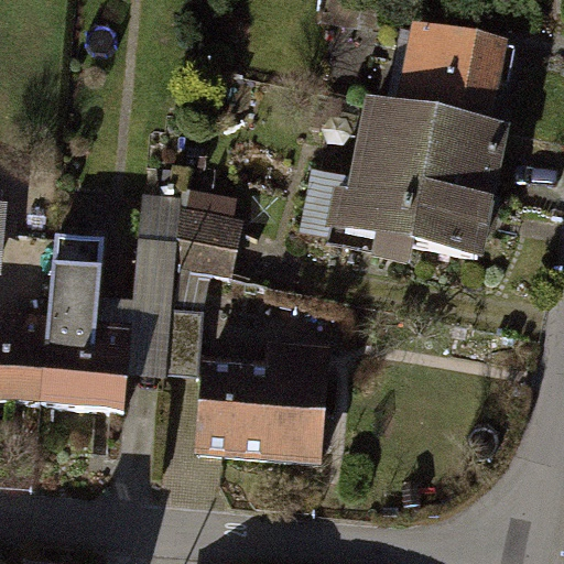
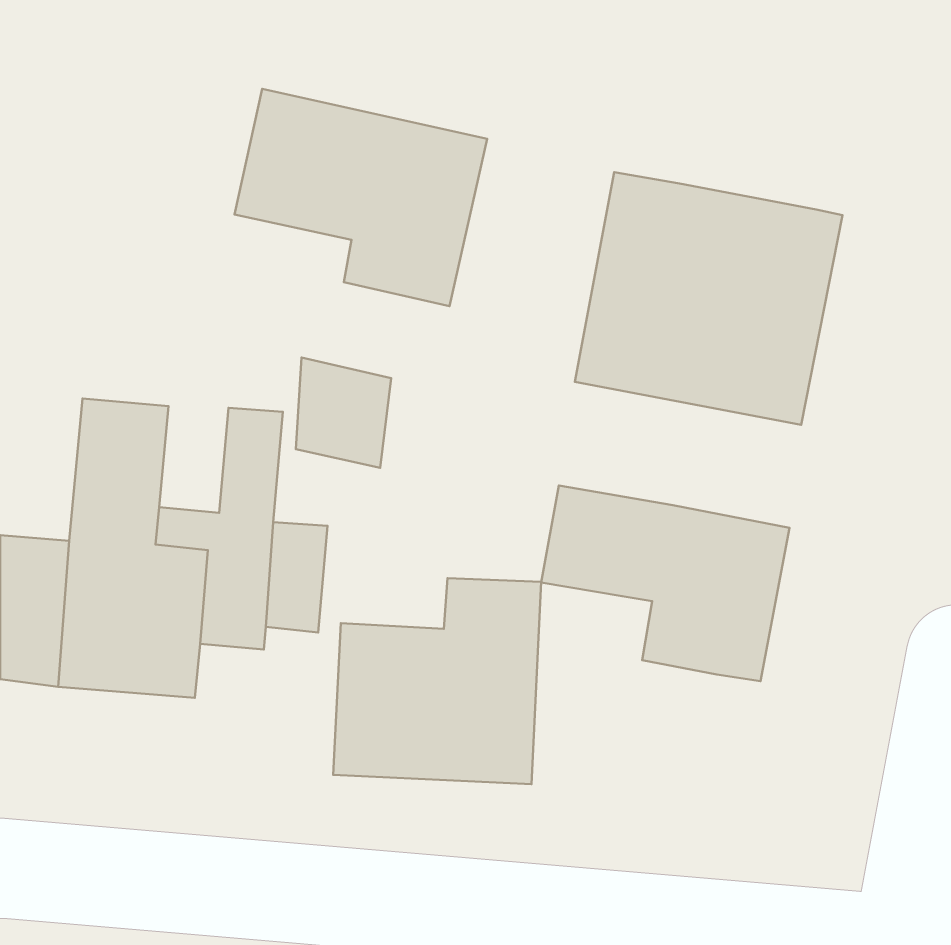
building: [403,26,499,123] -> none
building: none -> [235,89,487,306]
building: none -> [541,486,789,681]

